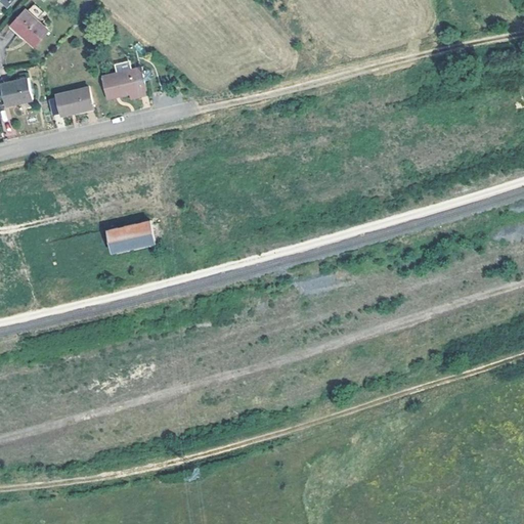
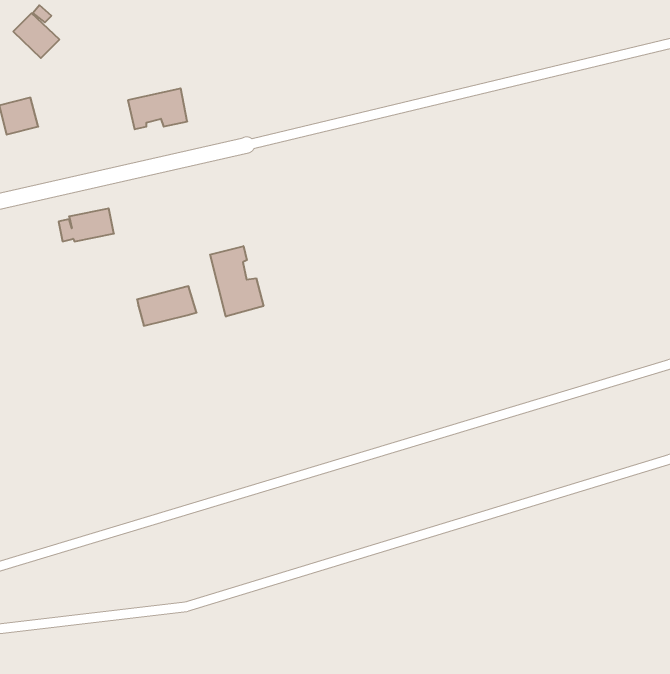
building: [48,88,91,114] -> [59,208,114,241]
building: none -> [210,246,263,317]

